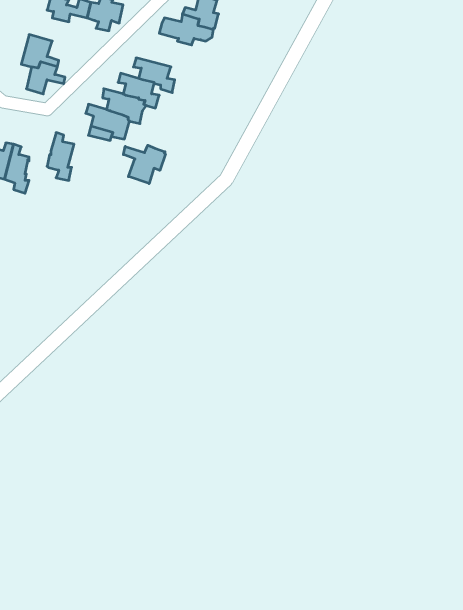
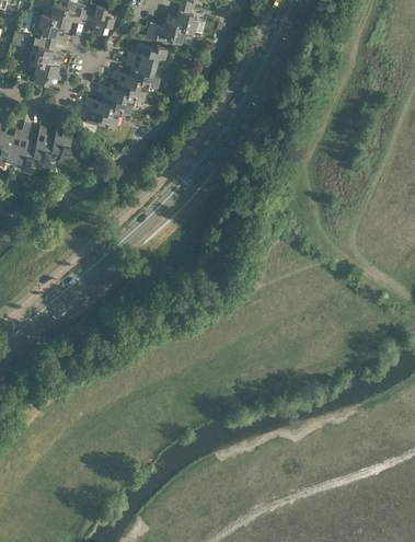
building: none -> [33,14,67,44]
building: none -> [124,44,164,66]
building: none -> [30,127,51,168]
building: [123,145,165,184] -> none

